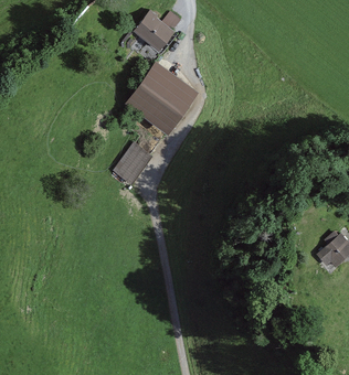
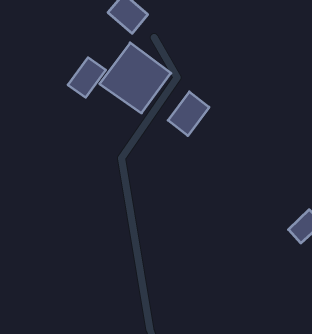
building: none -> [168,92,209,136]
building: [110,142,150,184] -> [68,58,106,97]

